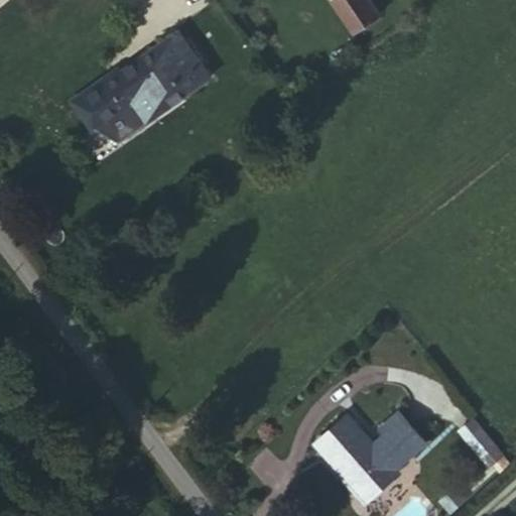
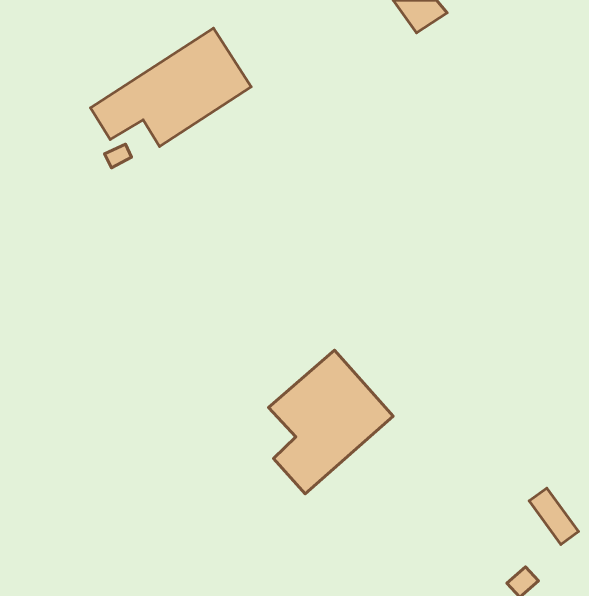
building: none -> [269,350,393,494]
building: [309,415,421,502] -> none

